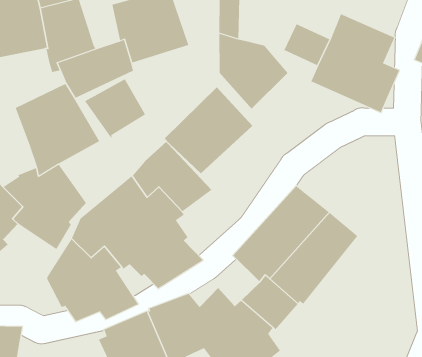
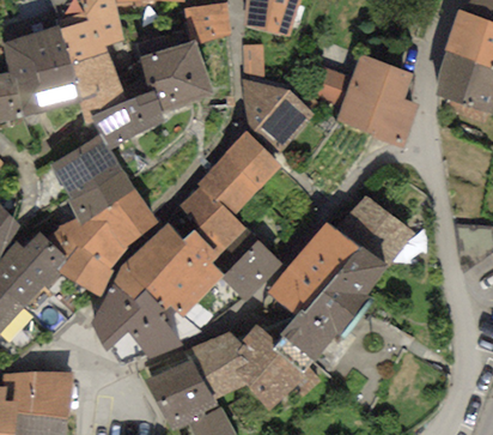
building: [84,79,146,140] -> [97,188,157,248]
building: none -> [334,194,414,266]
building: none -> [213,229,282,302]

